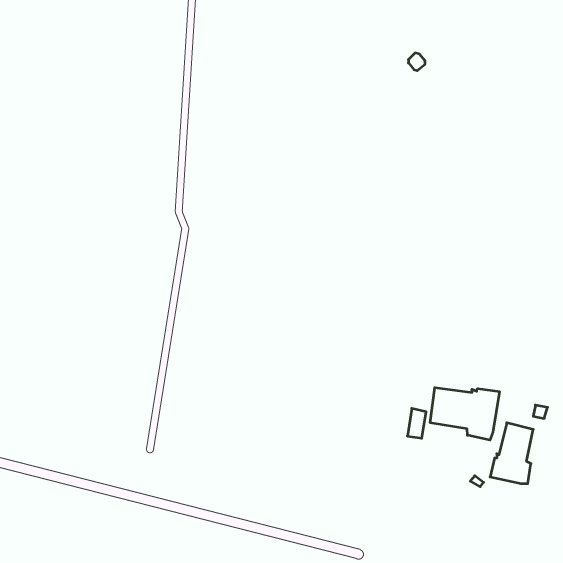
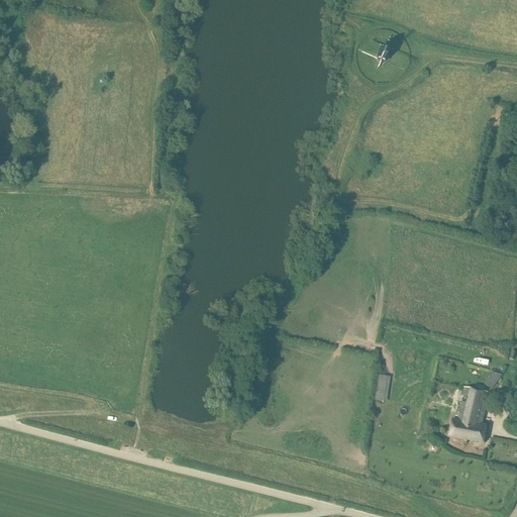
building: [430,388,499,440] -> none

